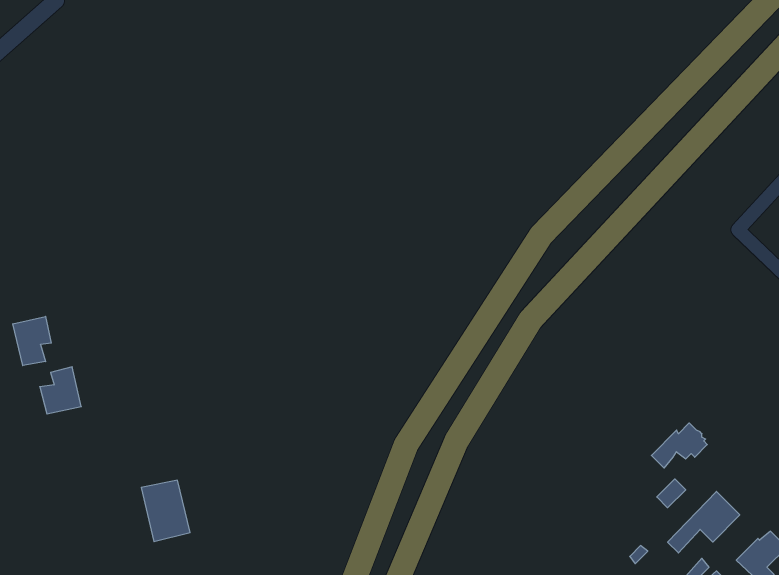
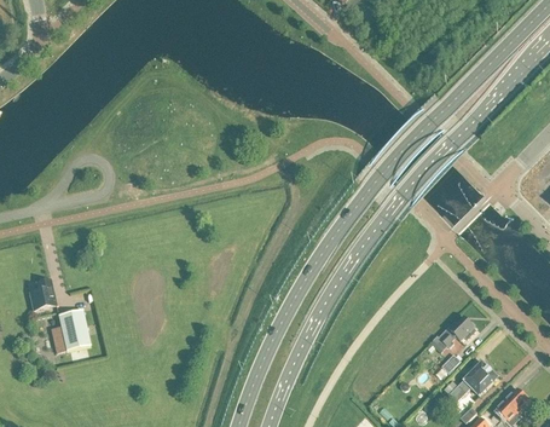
building: [13,316,51,366] -> none
building: [141,480,190,542] -> [58,310,91,351]

